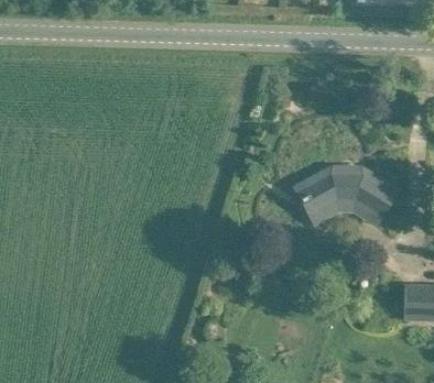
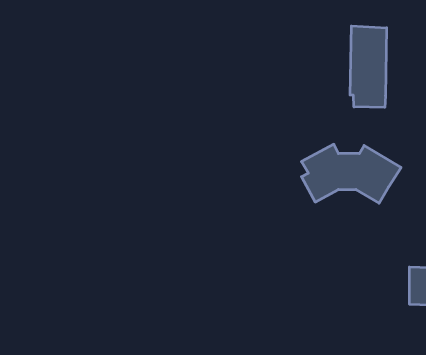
building: none -> [350,26,387,107]

